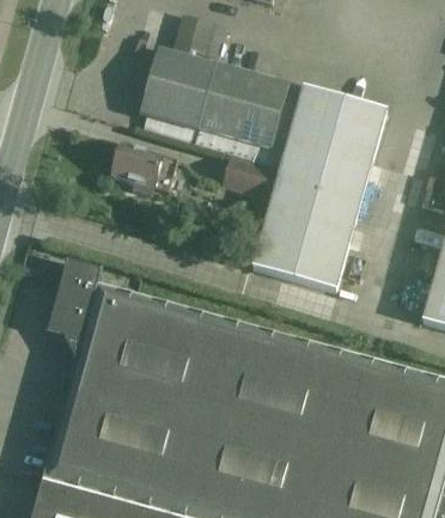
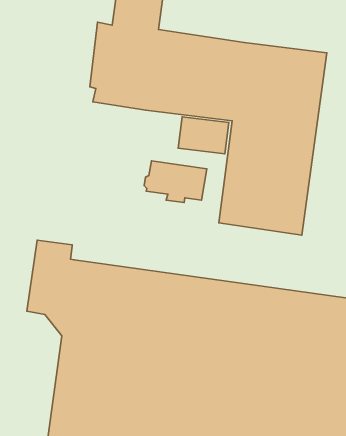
building: [109,142,175,189] -> [144,161,207,203]

